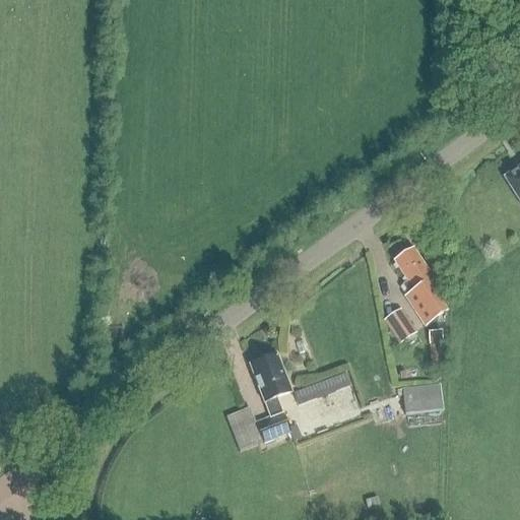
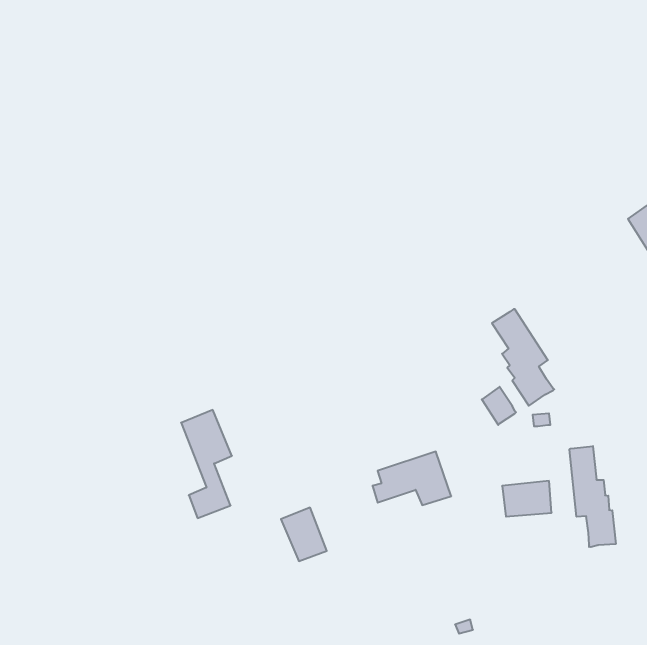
building: [251,353,291,440] -> [181,410,232,518]
building: none -> [569,446,616,547]

